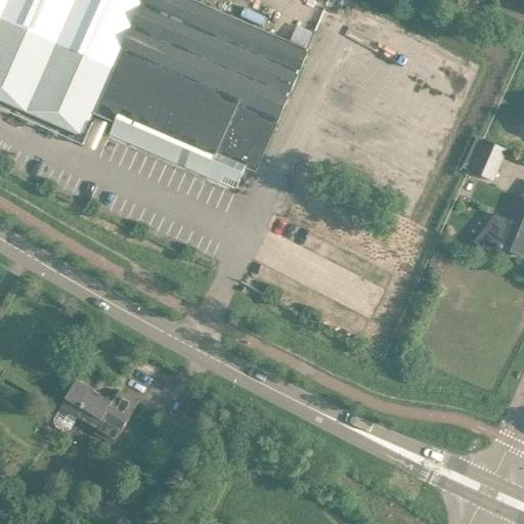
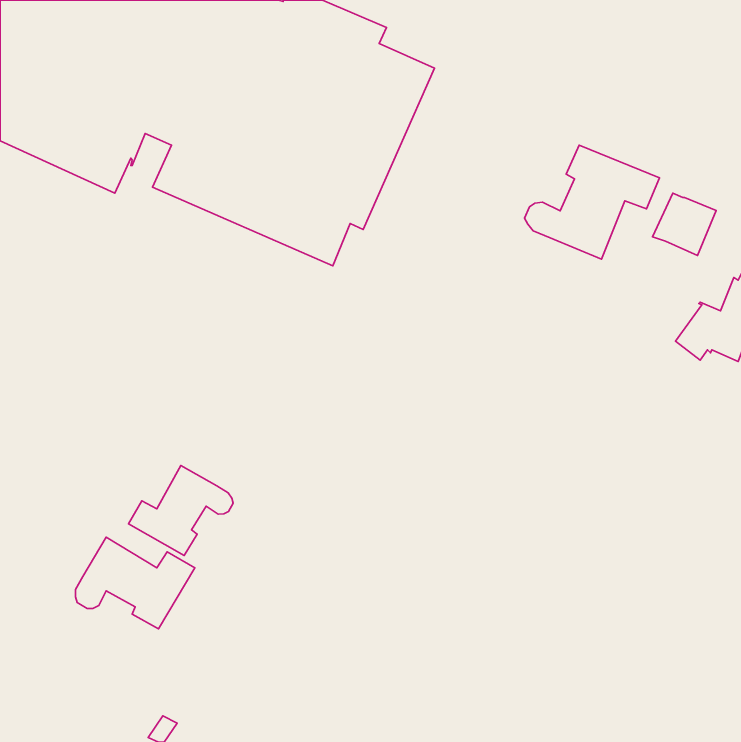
building: none -> [525,145,659,259]
building: none -> [128,466,233,555]

